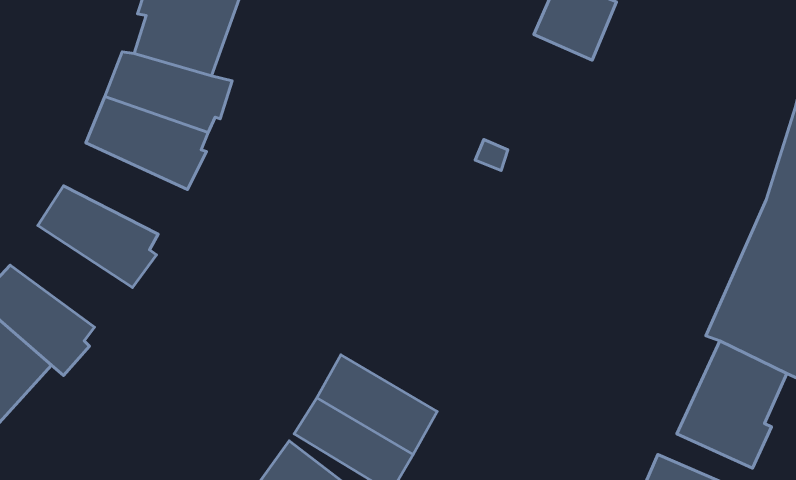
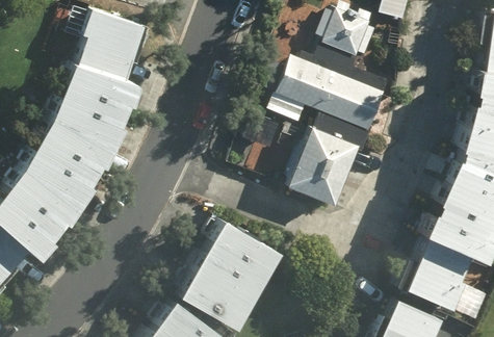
building: none -> [281,61,389,136]
building: none -> [42,111,116,166]
building: none -> [292,128,363,207]
building: none -> [9,161,83,223]
building: none -> [209,212,284,274]

